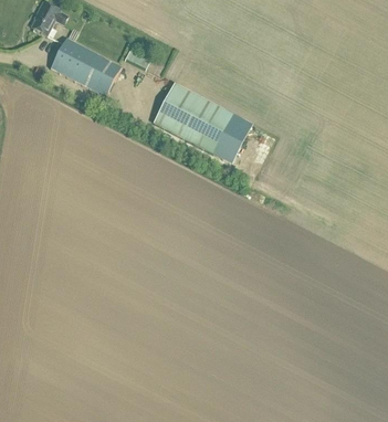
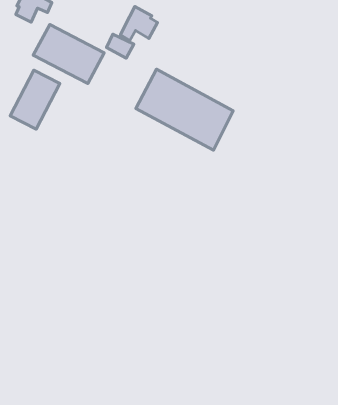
building: none -> [121,7,158,40]
building: none -> [10,70,60,129]

